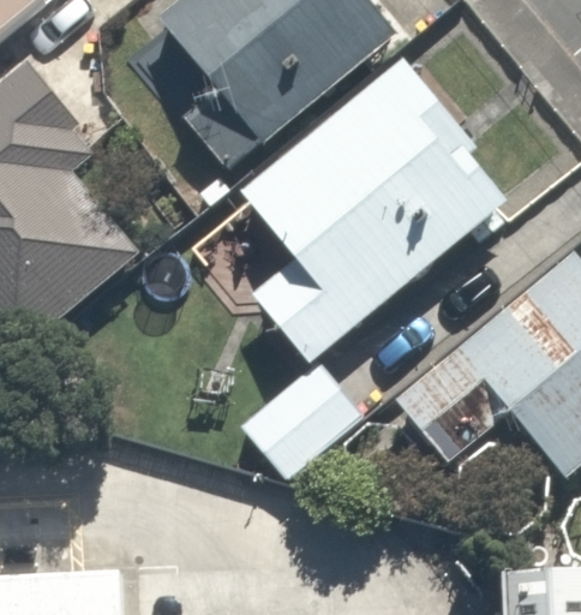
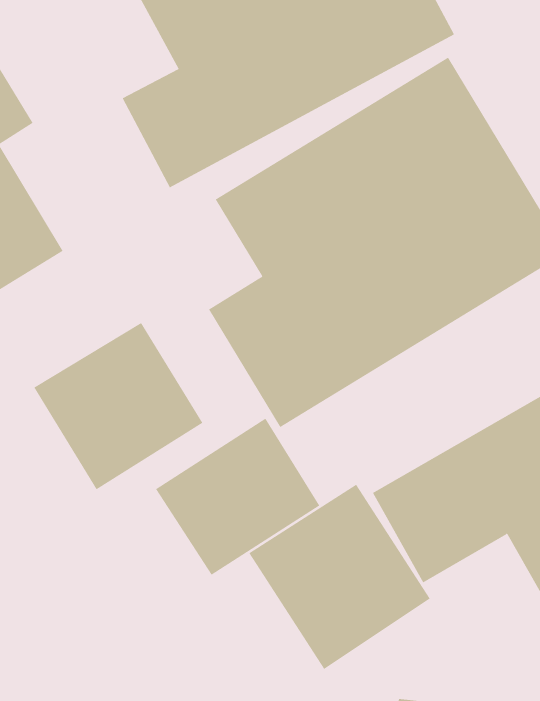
building: none -> [34,322,203,490]
building: none -> [249,484,431,670]

